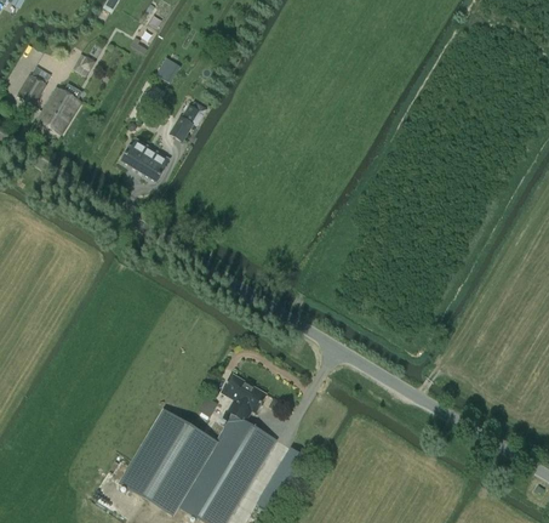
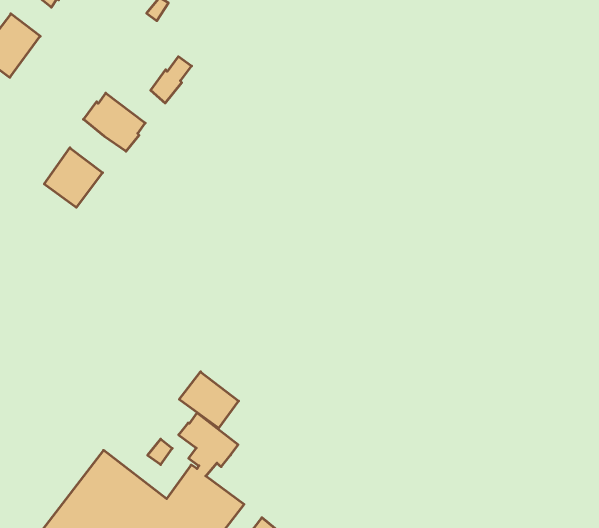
building: none -> [44,148,103,207]
building: none -> [179,372,239,428]

